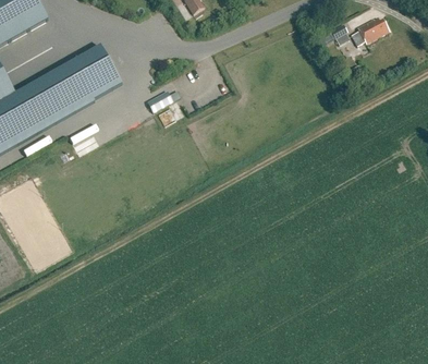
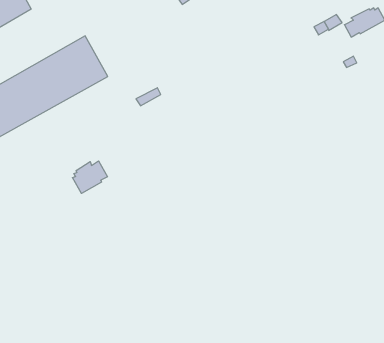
building: none -> [72,161,107,193]

